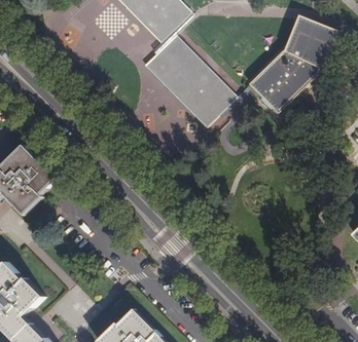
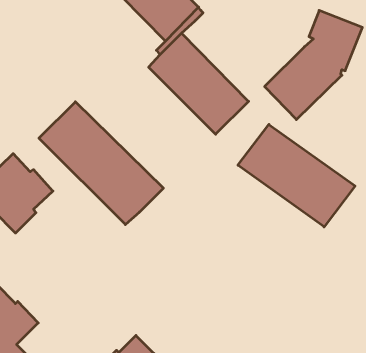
building: none -> [39,102,163,225]
building: none -> [238,124,355,227]

